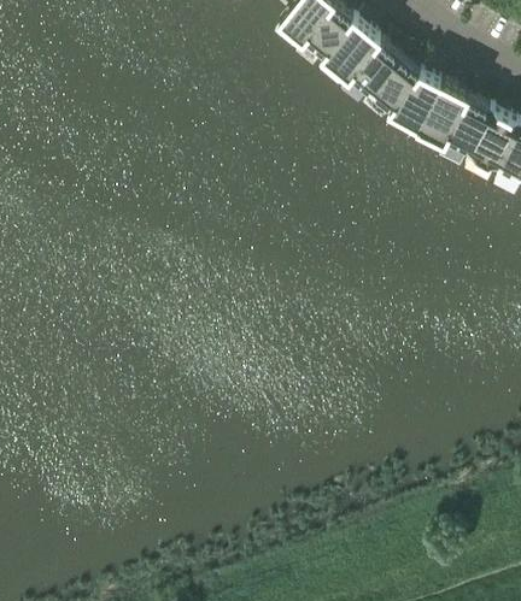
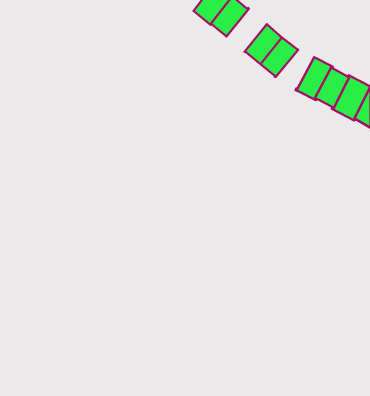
building: [318,24,375,83] -> none
building: [386,79,439,132] -> none

